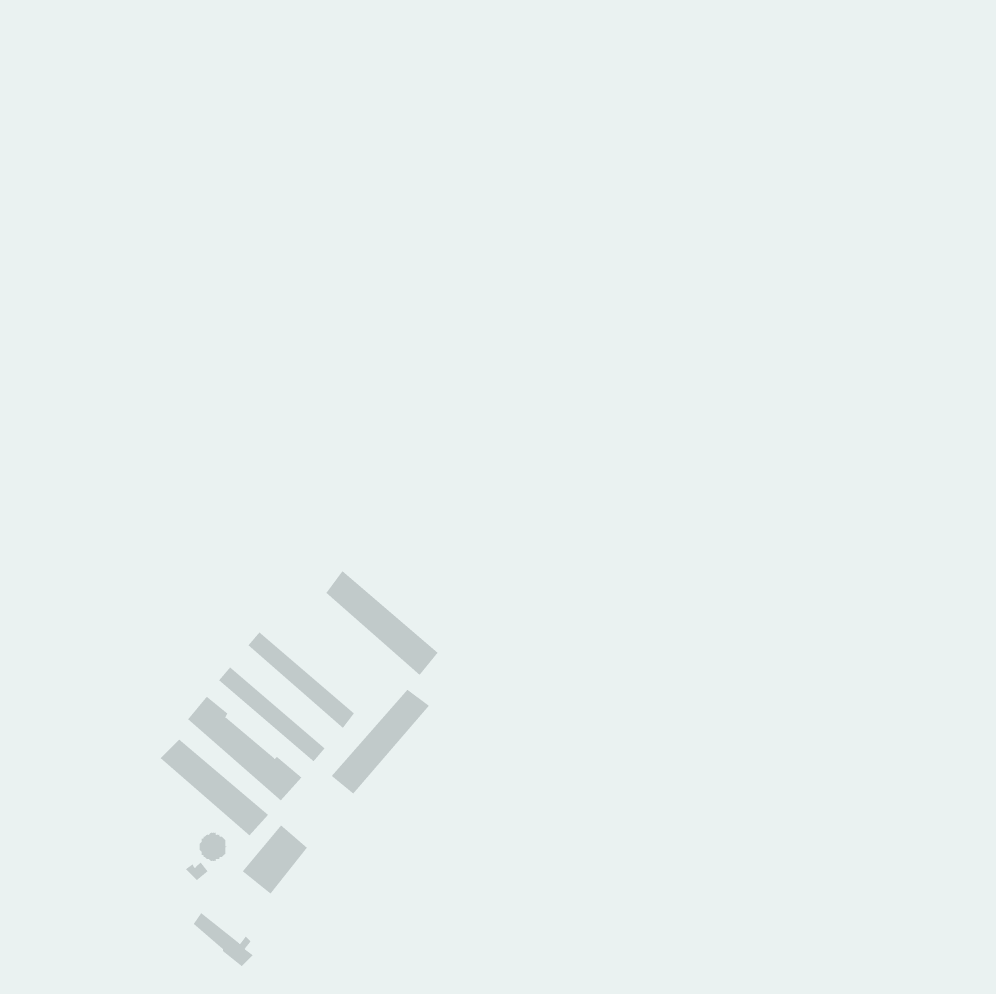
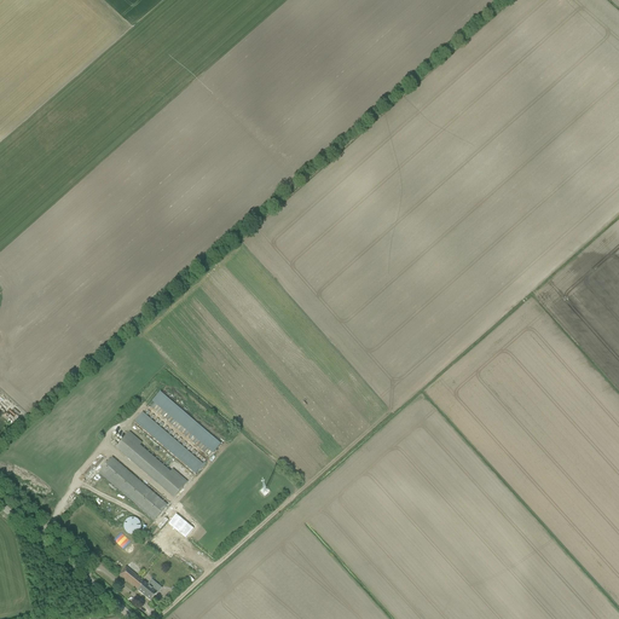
building: [325,570,439,676] -> none
building: [331,689,430,795] -> none

